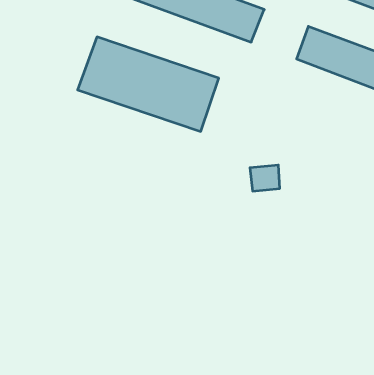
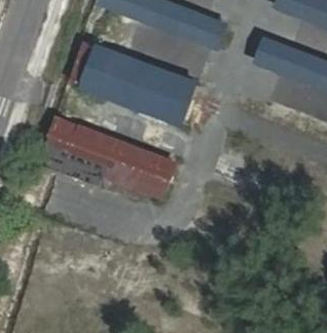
building: none -> [43,118,177,200]

